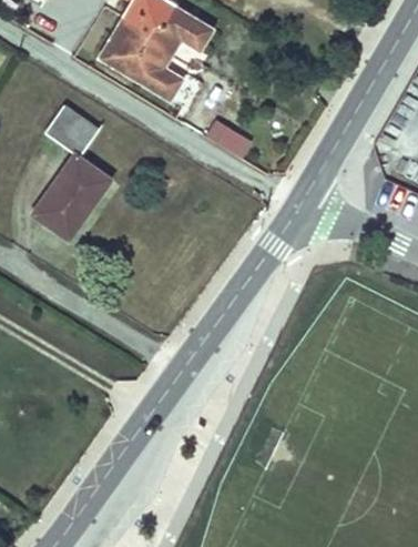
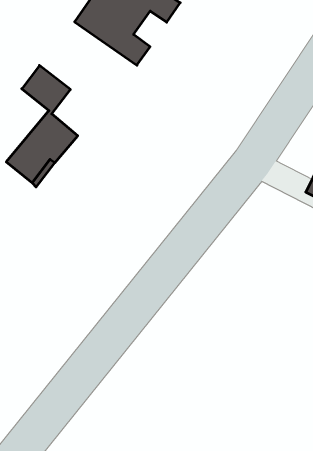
building: [204,117,253,158] -> none

